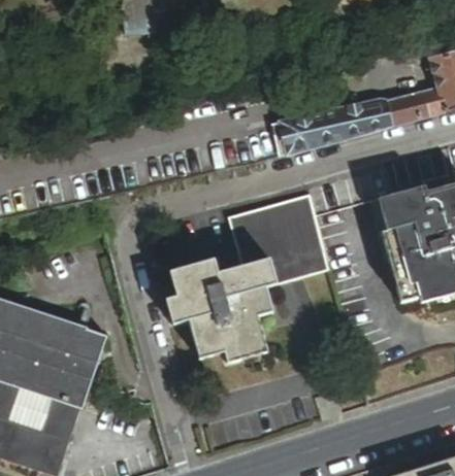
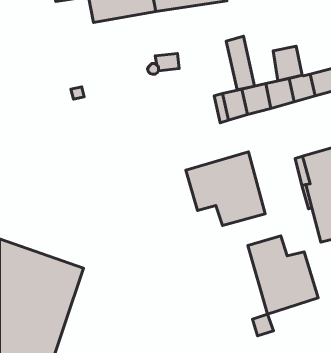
building: none -> [226,36,254,90]
building: none -> [273,46,302,81]
building: [164,257,278,364] -> none
building: none -> [248,236,318,314]

